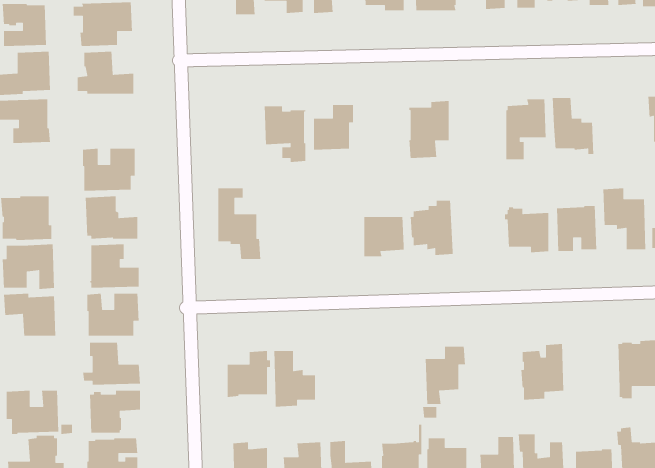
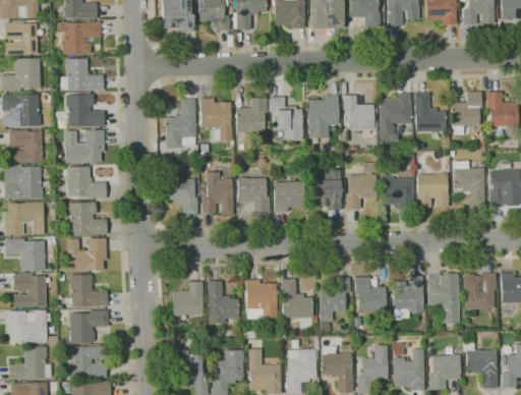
building: none -> [451,92,481,135]
building: none -> [65,95,104,127]
building: none -> [343,96,378,129]
building: none -> [269,97,302,140]
building: none -> [164,99,195,148]
building: none -> [9,130,43,163]
building: none -> [345,163,377,210]
building: none -> [201,172,233,215]
building: none -> [237,177,270,212]
building: none -> [426,273,459,323]
building: none -> [12,274,46,307]
building: none -> [354,277,386,311]
building: none -> [281,279,312,318]
building: none -> [245,280,277,319]

